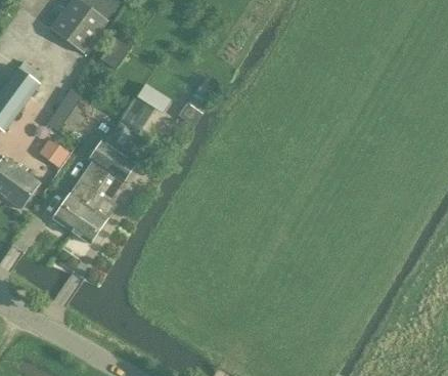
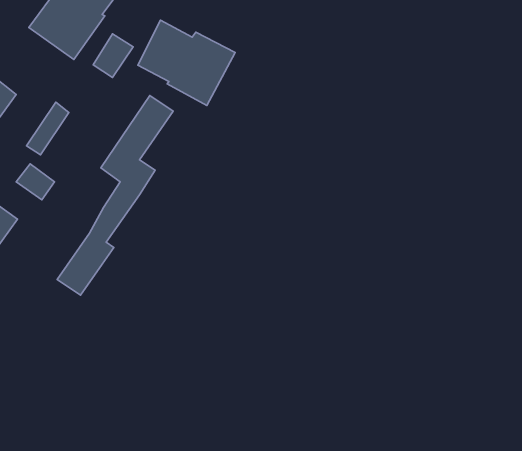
building: none -> [138,20,235,105]
building: [52,139,121,231] -> none

